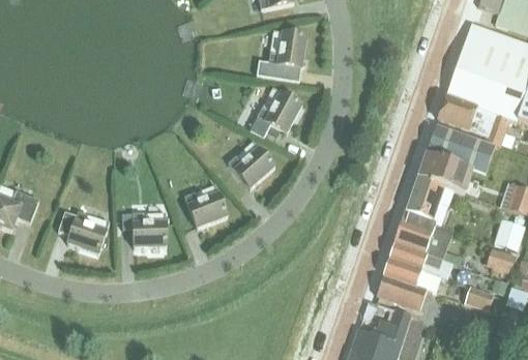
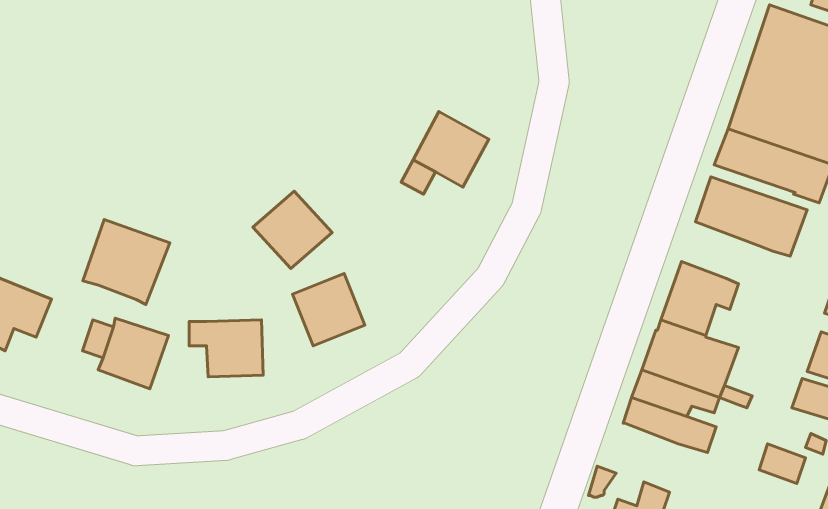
building: [257,29,306,81] -> none
building: [228,140,275,186] -> [253,191,332,269]
building: none -> [83,219,170,304]
building: [418,152,473,193] -> none
building: [377,273,435,310] -> none

